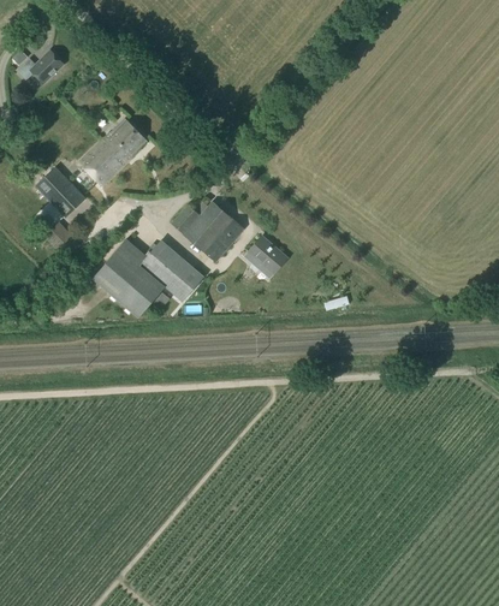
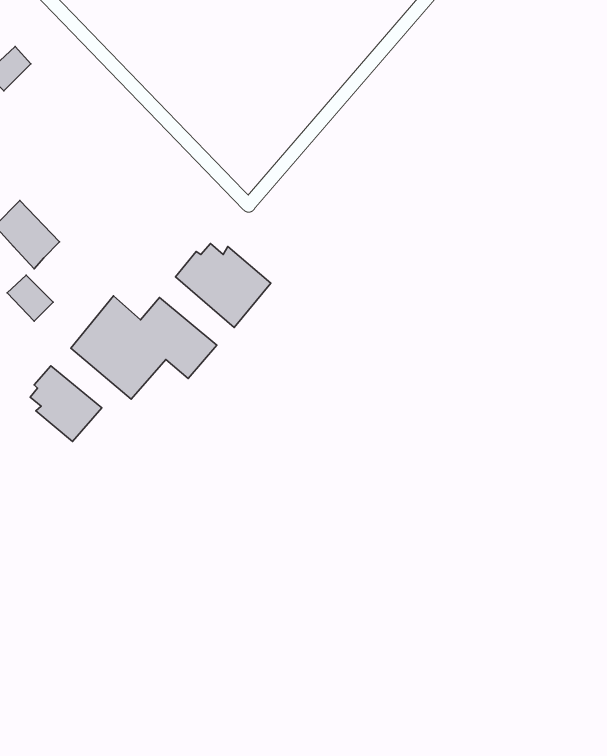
building: [78,118,147,185] -> none
building: [244,236,286,278] -> none
building: none -> [30,366,102,442]

